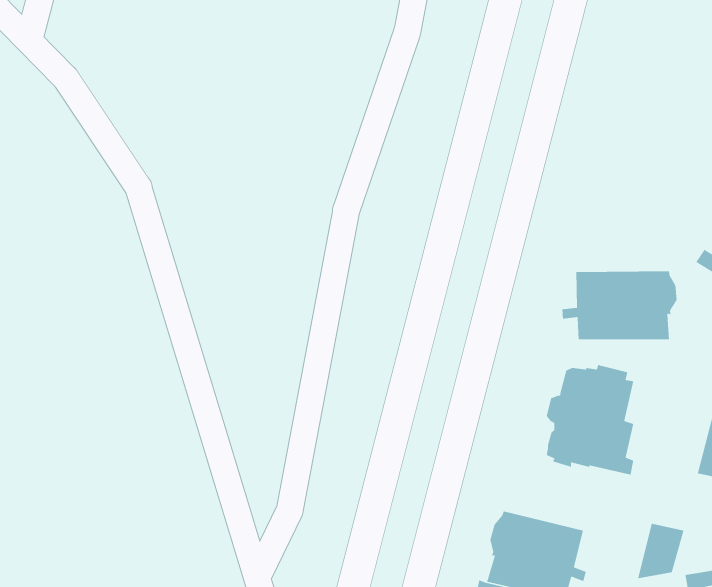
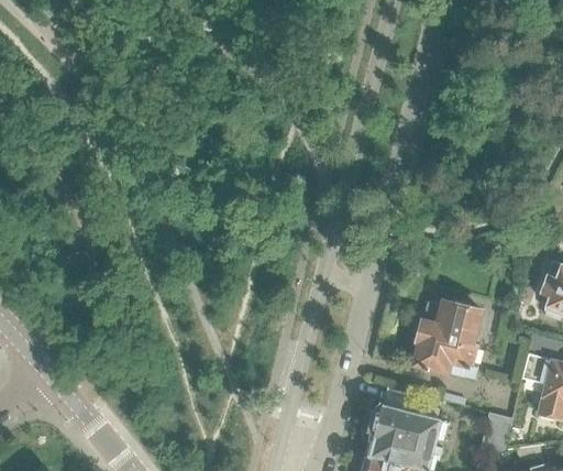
building: [562,270,677,340] -> none

